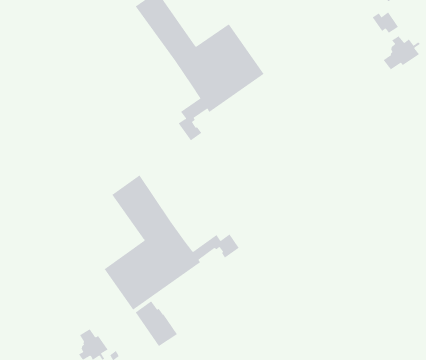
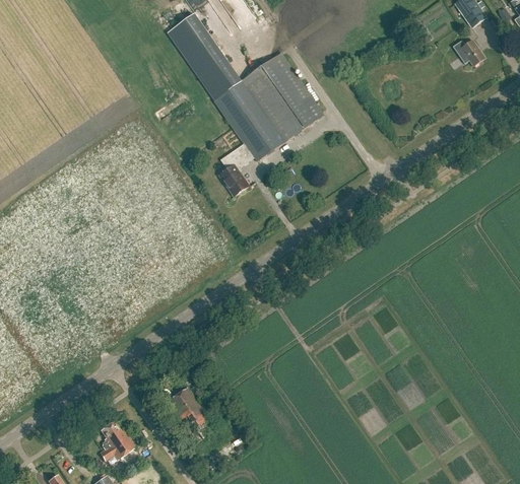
building: [383,35,421,70] -> none
building: [104,175,240,310] -> none

